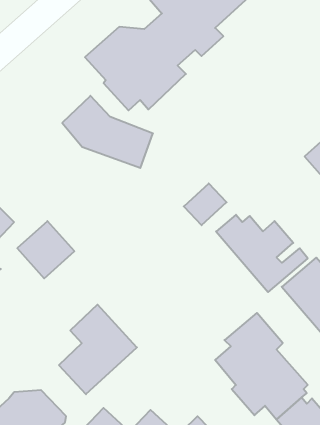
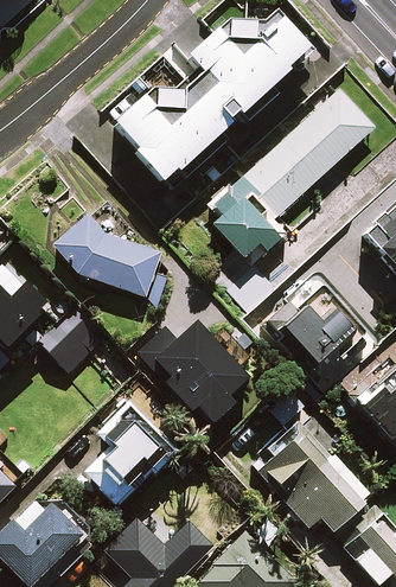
building: none -> [212,89,373,256]
building: [62,96,153,168] -> [56,215,159,296]
building: none -> [134,321,248,426]

